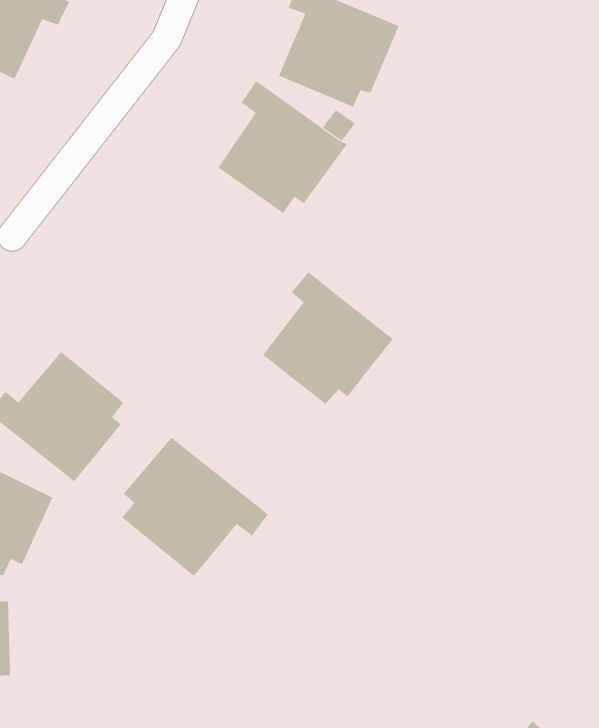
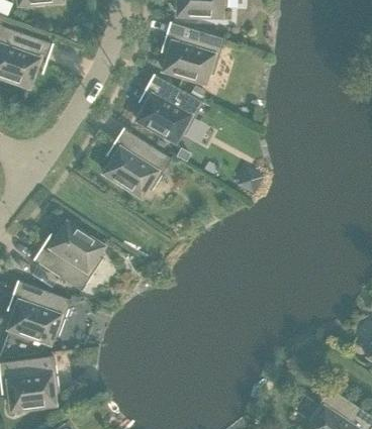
building: [262,271,393,405] -> [103,129,170,197]
building: [121,437,268,577] -> none

